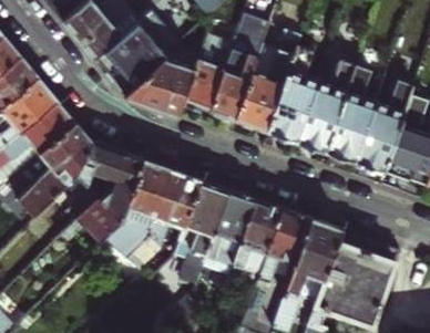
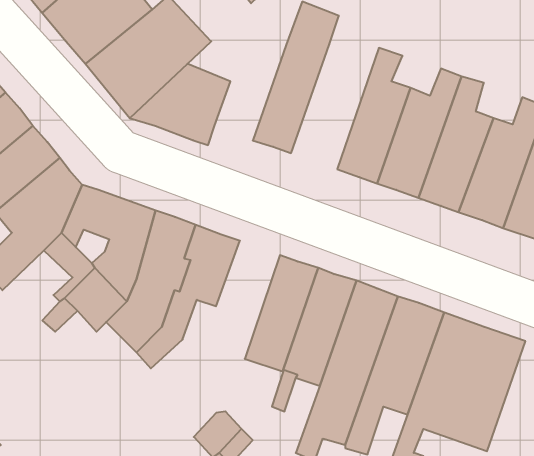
building: [236,29,301,131] -> none
building: [183,35,233,111] -> none
building: [175,180,228,283] -> none

